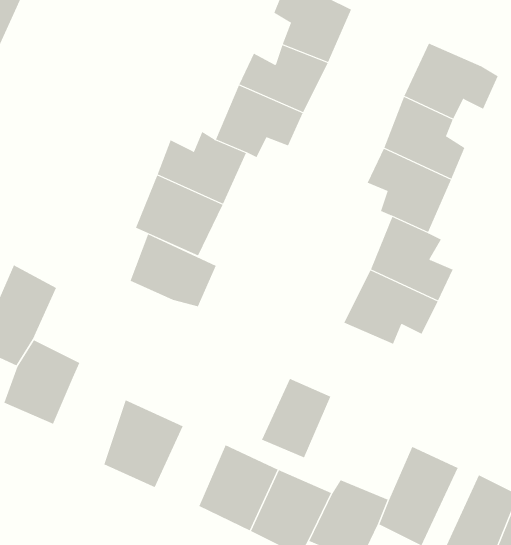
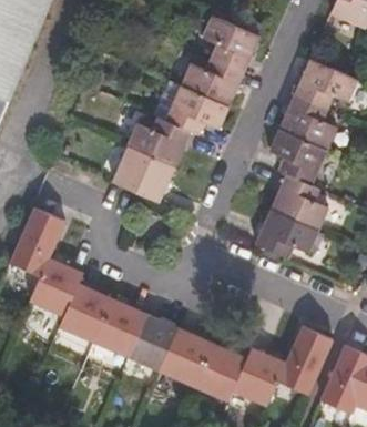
building: [130,234,217,307] -> none
building: none -> [57,281,109,338]
building: [261,378,331,458] -> [129,313,175,366]

